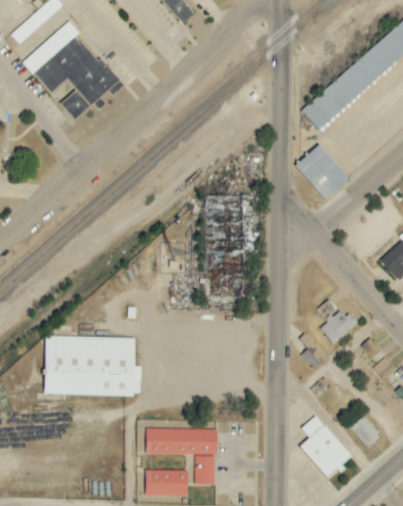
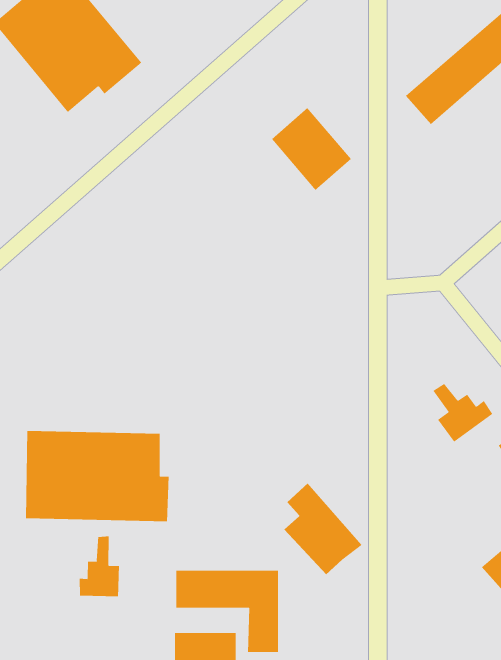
building: [295,144,349,200] -> [271,107,352,191]
building: none -> [79,536,119,597]
building: [300,414,353,476] -> [284,482,363,575]

